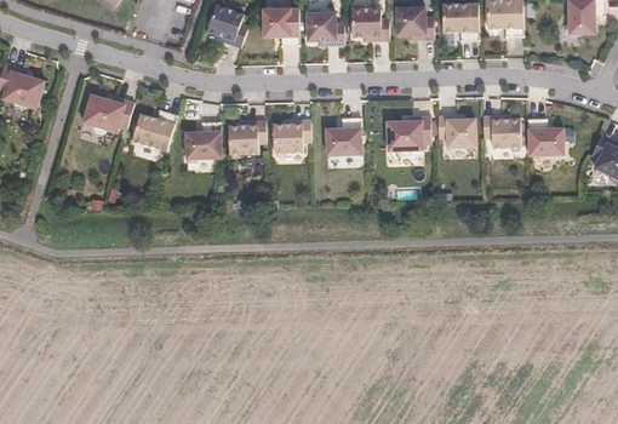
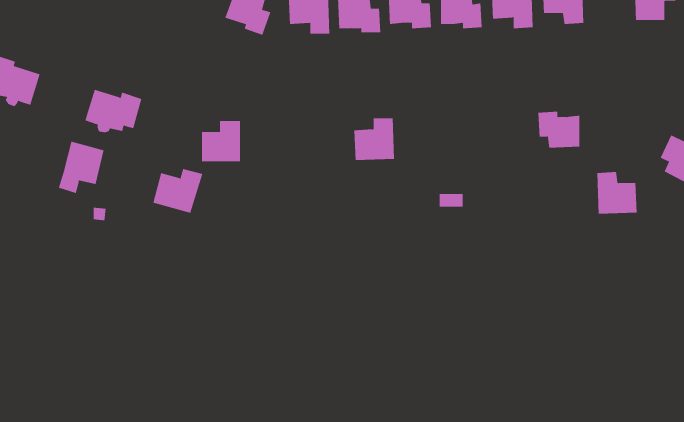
building: [132,109,177,149] -> [152,168,203,214]
building: [437,114,475,147] -> none
building: [387,115,430,155] -> none
building: [527,115,563,153] -> [596,172,638,214]
building: [273,119,310,151] -> none
building: [228,120,265,153] -> none
building: none -> [58,141,104,194]

